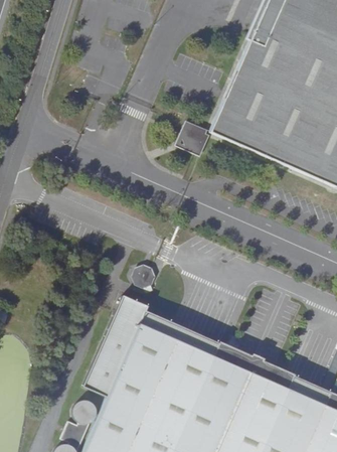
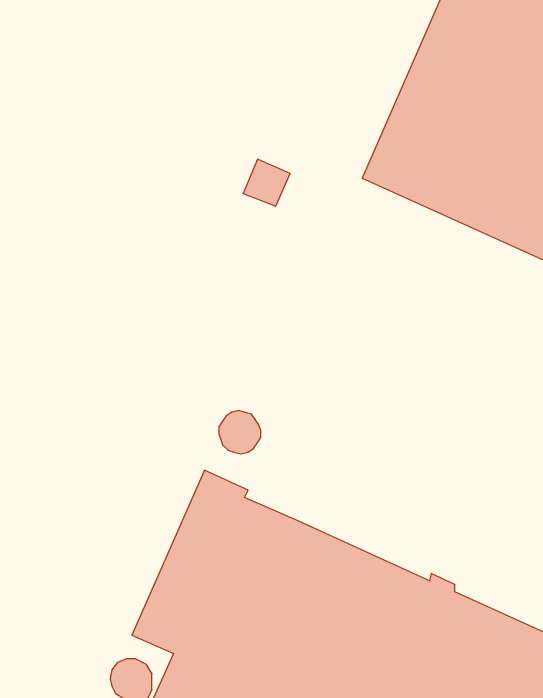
building: [183,123,209,149] -> [243,159,290,206]

